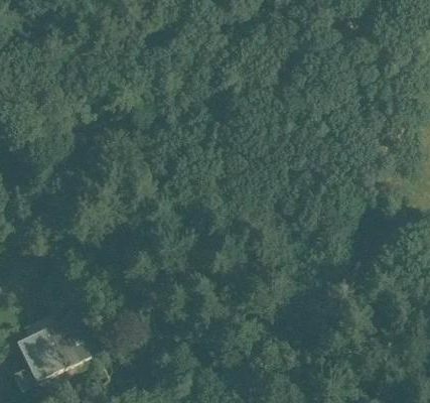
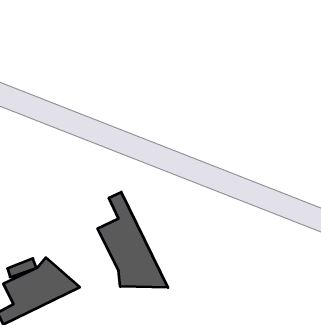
building: none -> [98,192,168,288]

